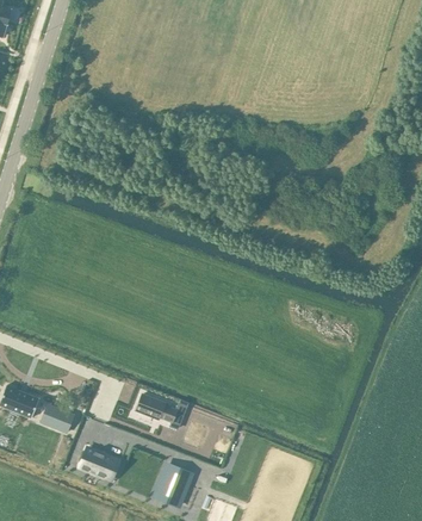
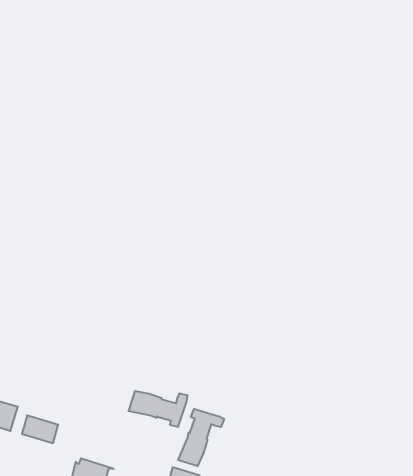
building: none -> [178,409,224,466]

